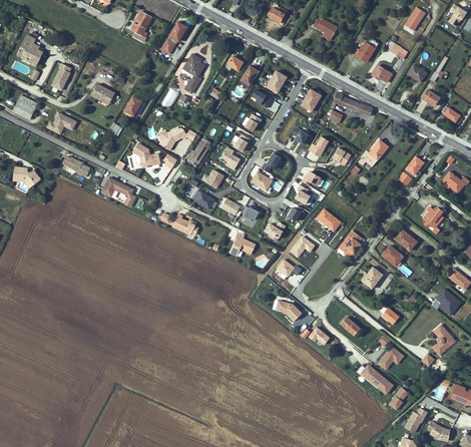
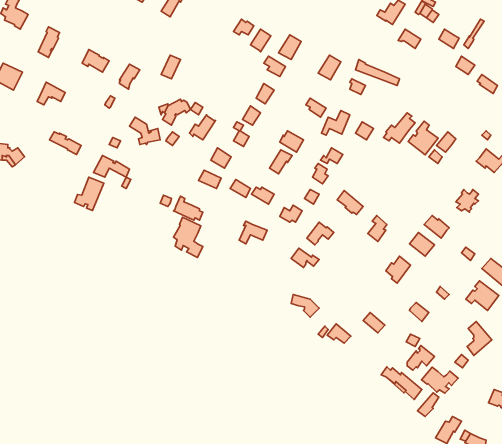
building: [182,54,204,93] -> none
building: none -> [408,121,438,155]
building: none -> [74,177,104,210]
building: none -> [174,217,203,257]
building: none -> [422,367,458,393]

